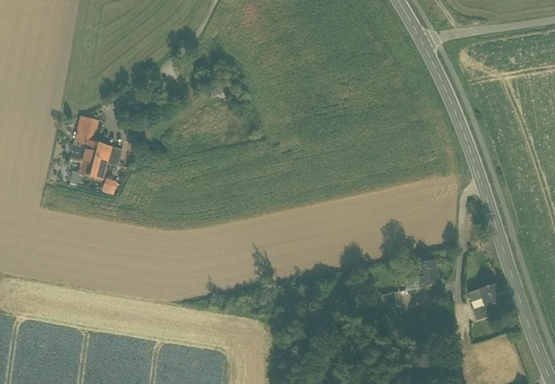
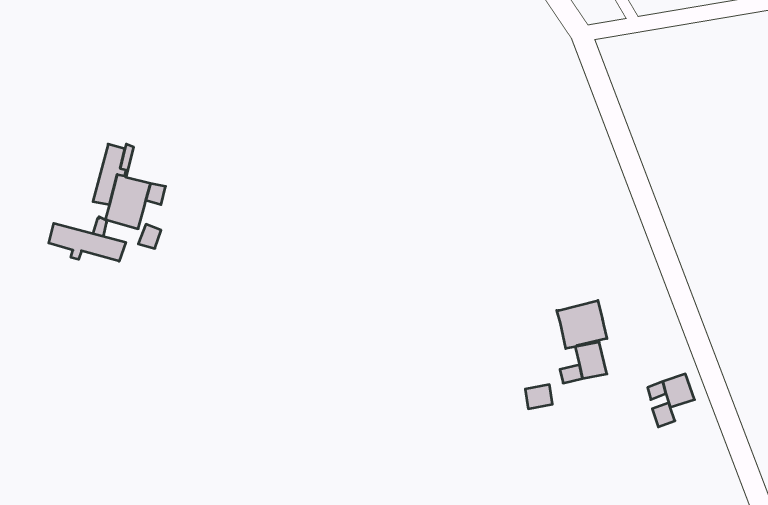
building: none -> [49,223,126,261]
building: none -> [557,300,607,349]

